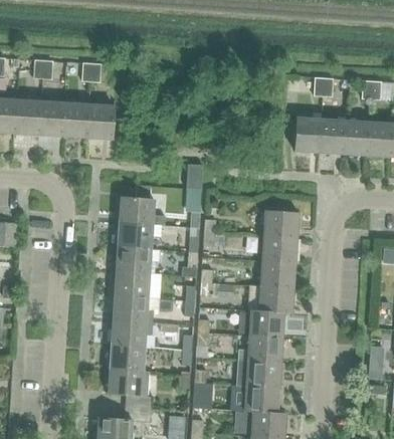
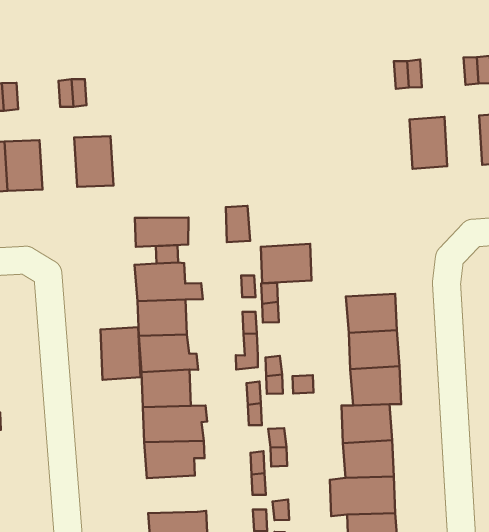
building: [63,102,89,138] -> none
building: [296,117,322,153] -> none
building: [344,120,370,156] -> none
building: none -> [135,218,189,247]
building: [263,210,300,237] -> [261,244,312,283]
building: none -> [101,327,140,380]
building: [110,344,145,371] -> none

